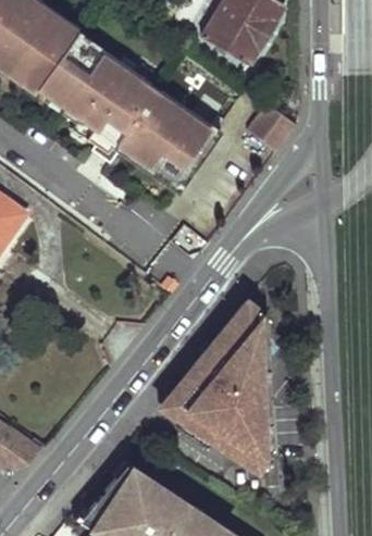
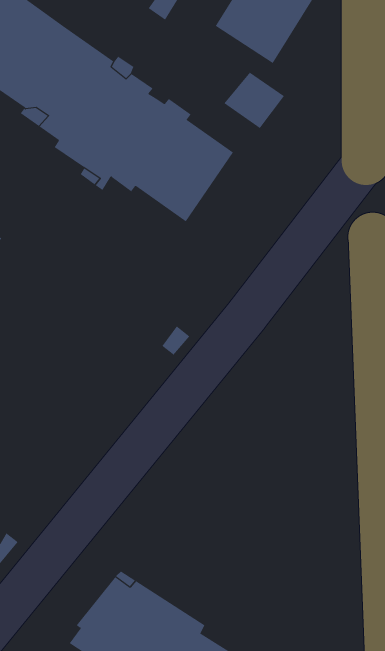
building: [248,104,297,150] -> [224,72,285,129]
building: [161,299,260,469] -> none

